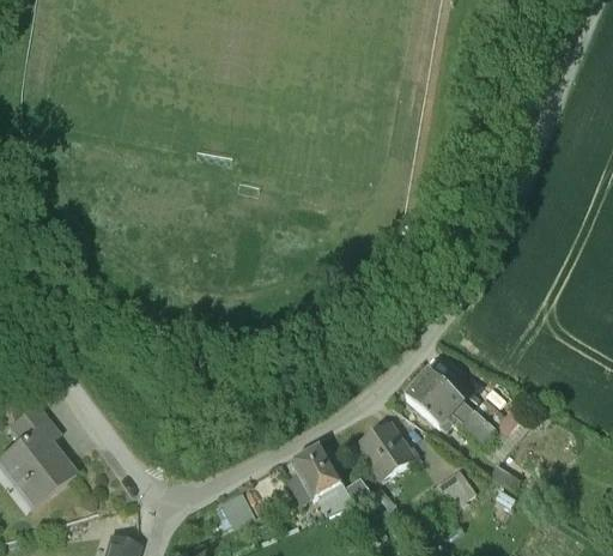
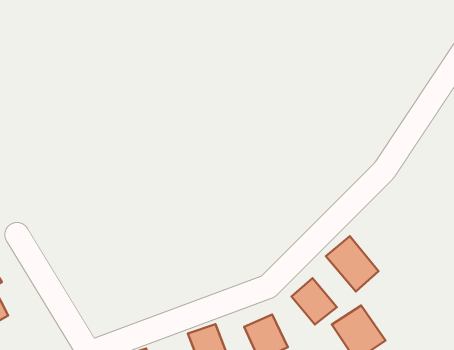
building: none -> [326,236,379,292]

